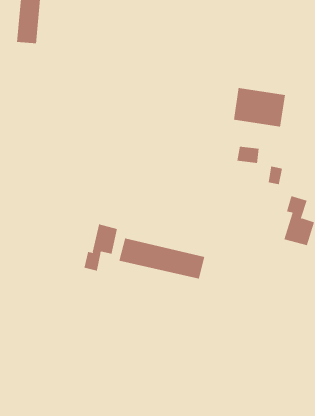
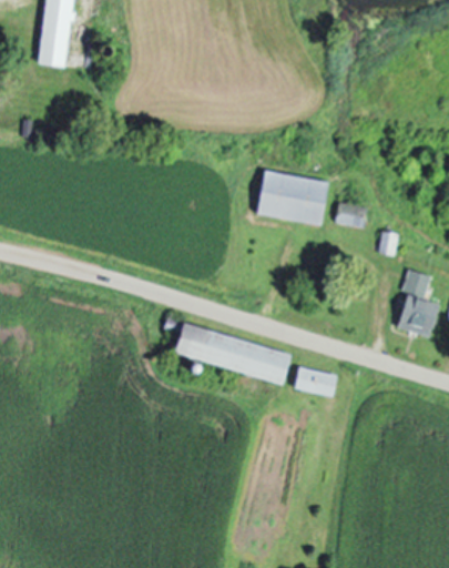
building: [233,87,286,127] -> [258,171,329,224]
building: [84,224,118,271] -> none
building: none -> [294,366,337,397]

